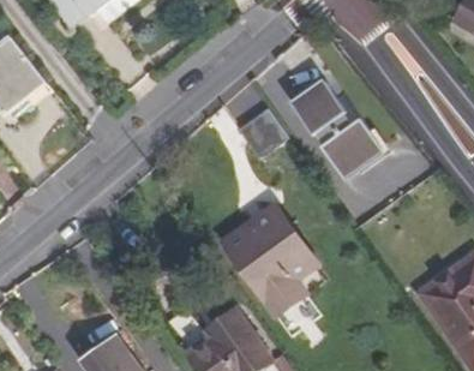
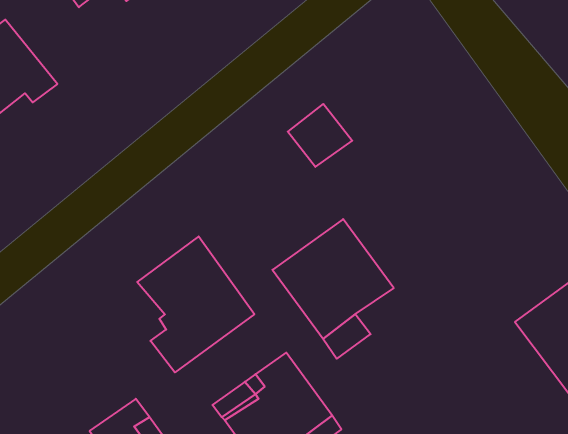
building: [288,78,382,175] -> none
building: none -> [137,236,254,372]

